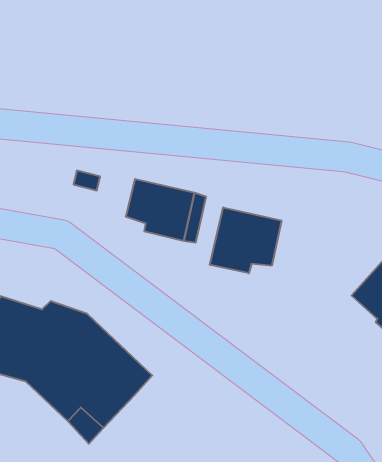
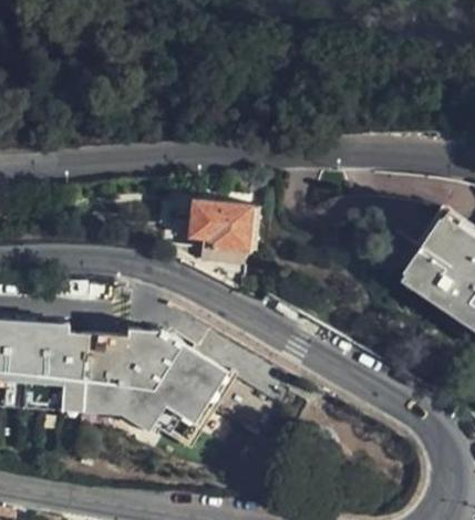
building: [210,207,281,273] -> none

